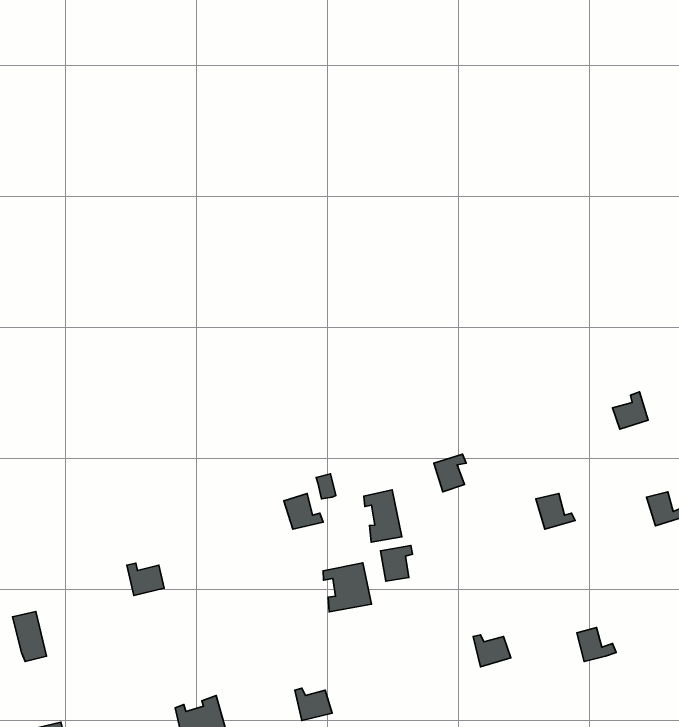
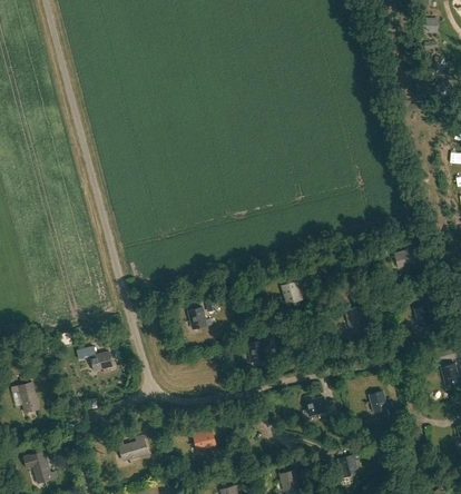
building: [364,490,402,542] -> none
building: [323,563,371,612] -> none

